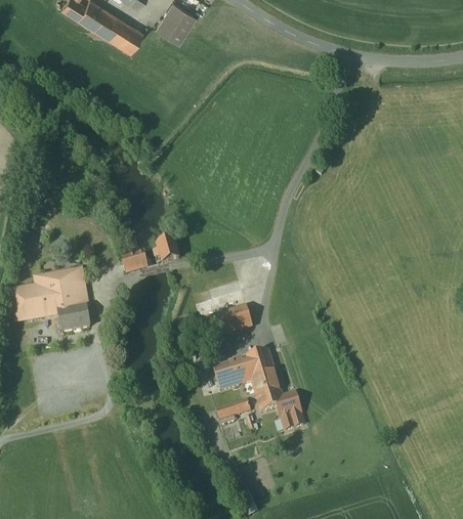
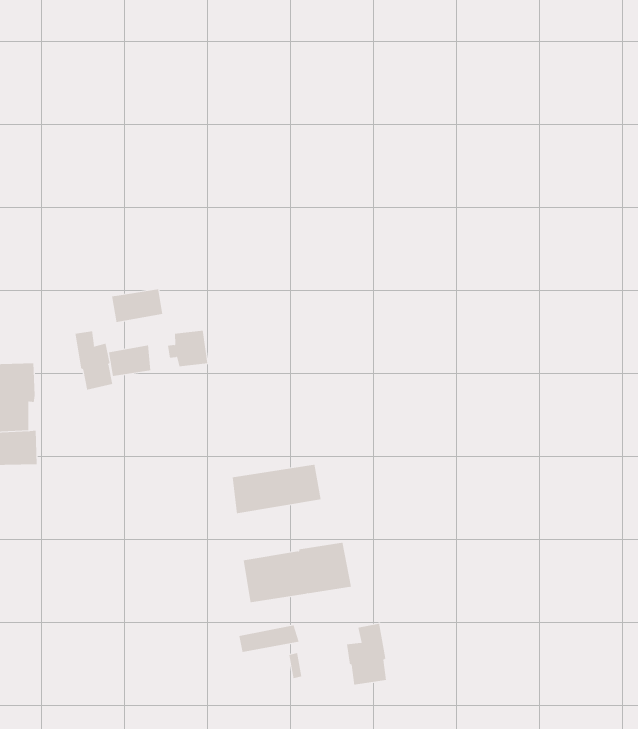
building: none -> [112,289,163,323]
building: none -> [75,330,113,390]
building: [252,373,286,410] -> none

